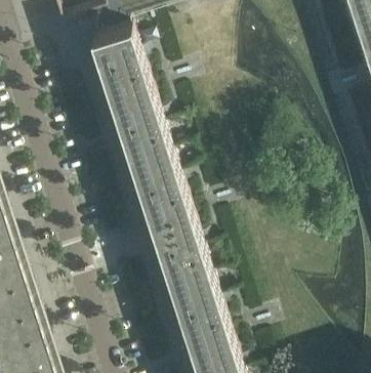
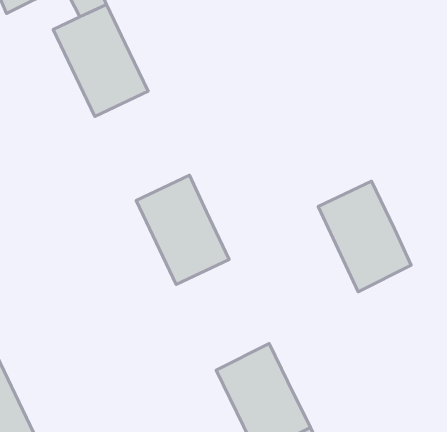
building: [106,82,165,156] -> none
building: [146,205,204,280] -> [318,181,411,292]

